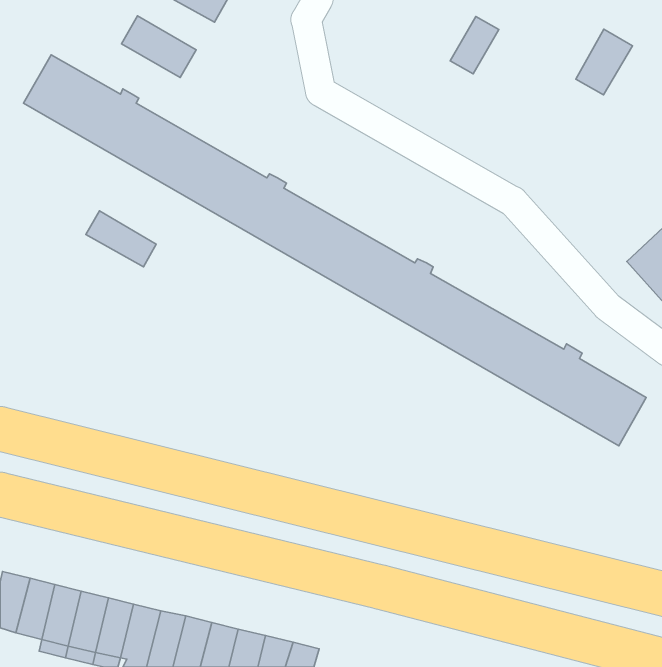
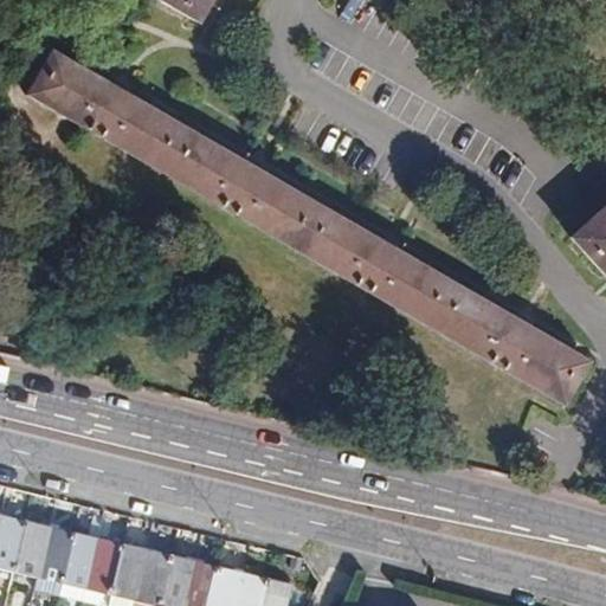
building: [122,16,196,78] -> none
building: [450,16,499,74] -> none
building: [576,29,633,95] -> none
building: [86,211,156,267] -> none

